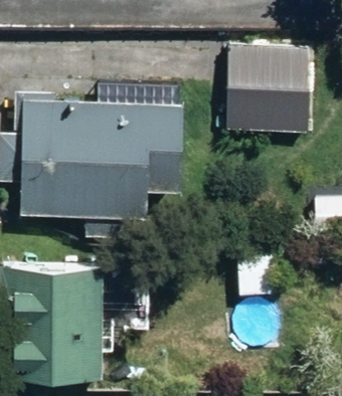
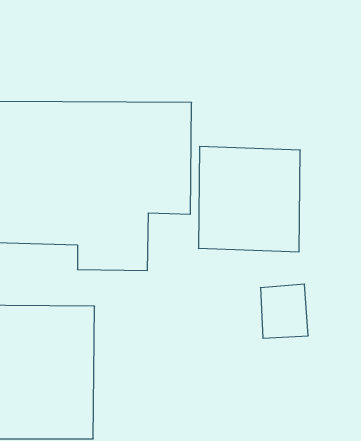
building: [229,44,313,131] -> [198,146,300,252]

